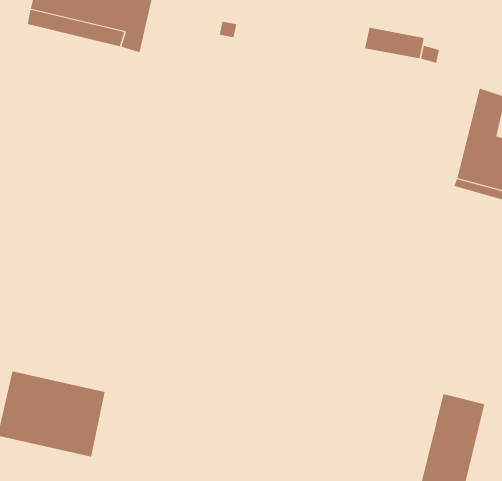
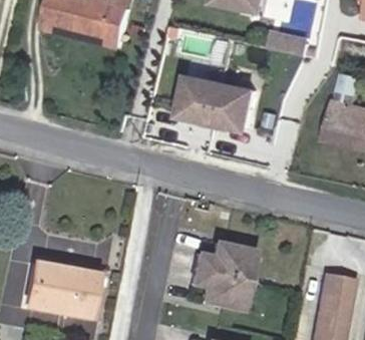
building: none -> [181,77,255,129]
building: none -> [184,247,247,316]

